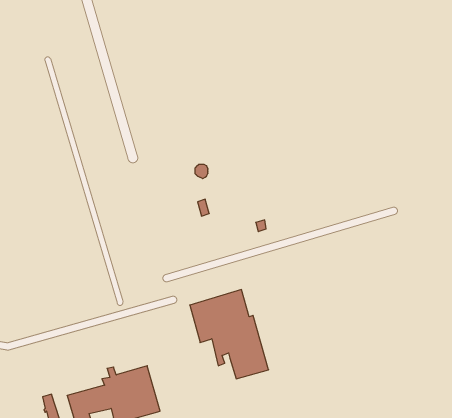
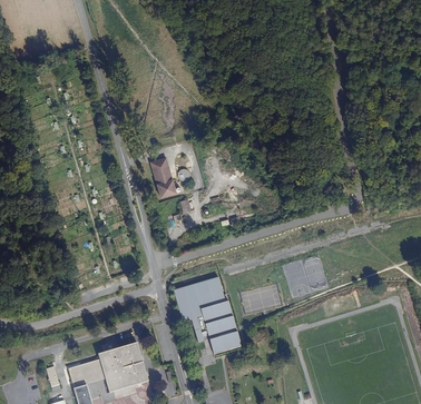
building: none -> [150,157,176,196]

